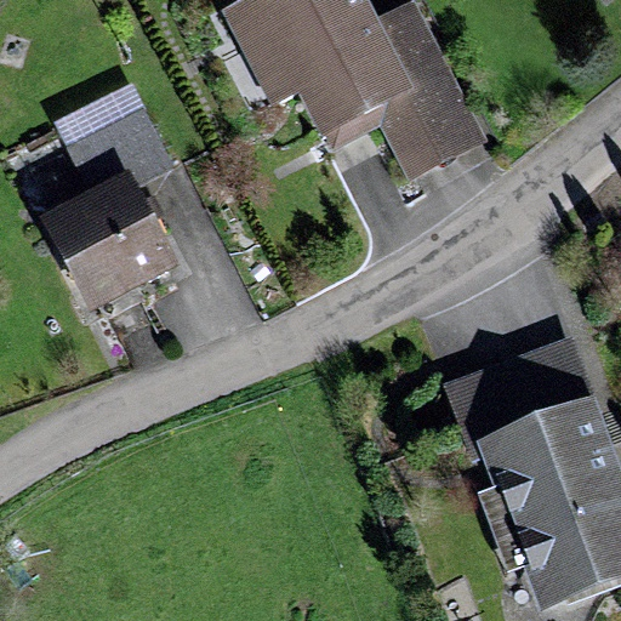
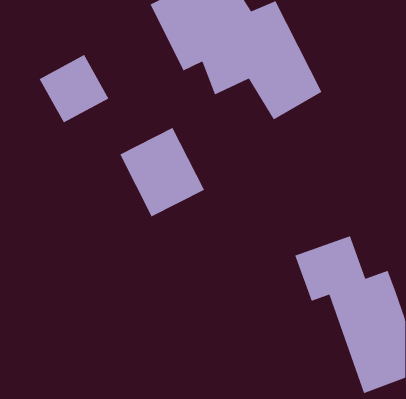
building: [50,177,180,314] -> [119,127,205,217]

